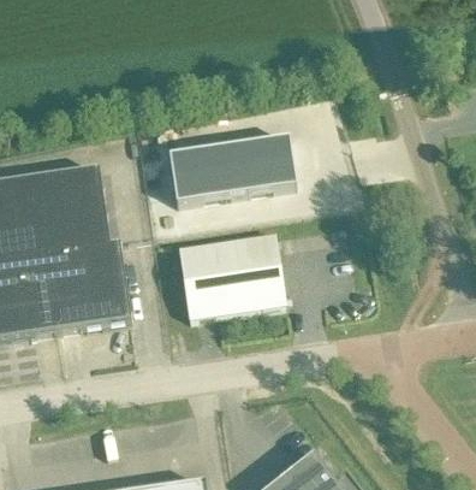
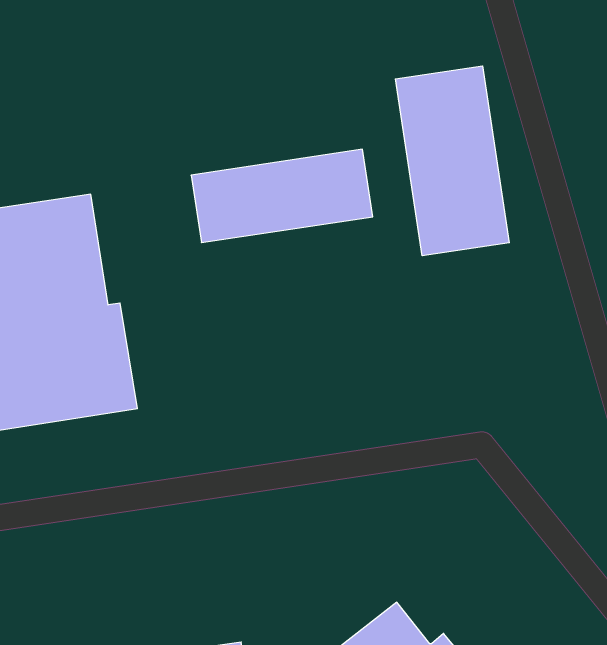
building: none -> [395,66,509,256]
building: [178,234,285,320] -> none

